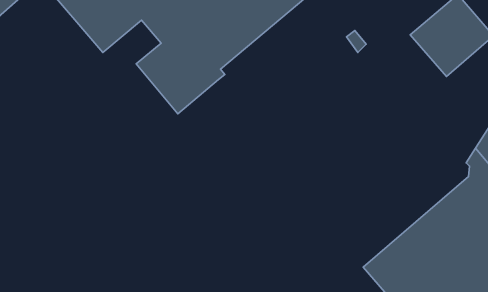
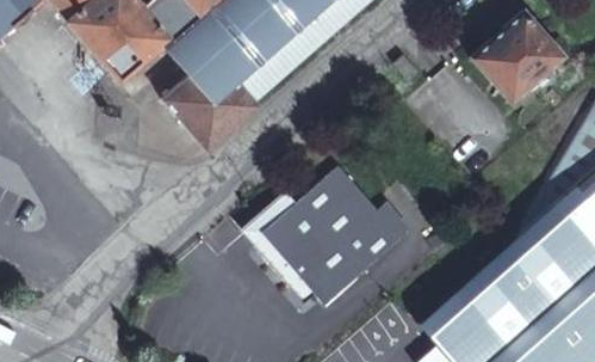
building: none -> [266,165,403,300]

